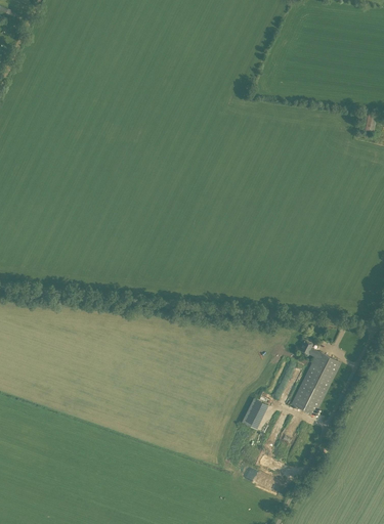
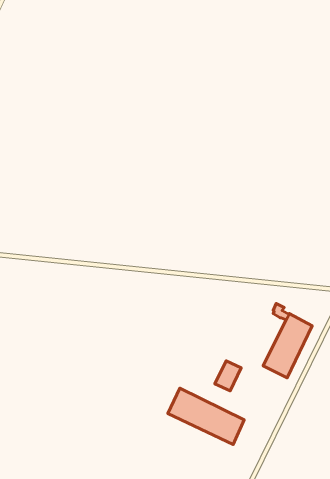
building: none -> [168,388,244,445]

